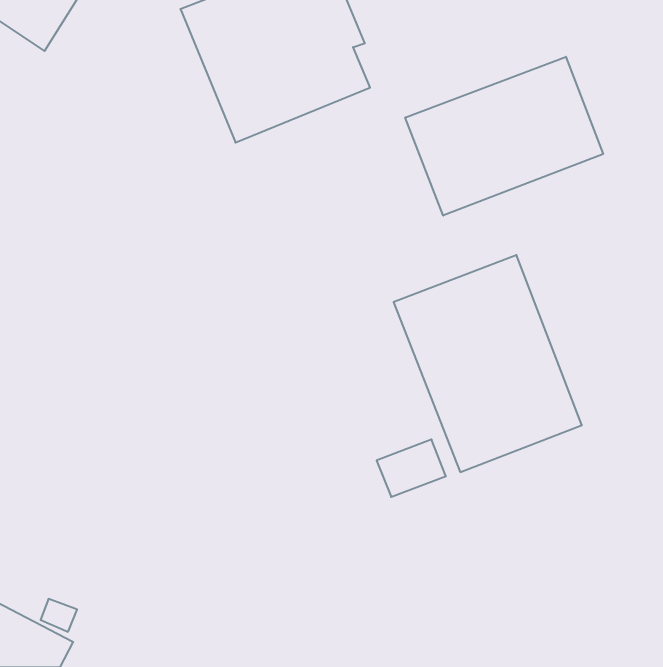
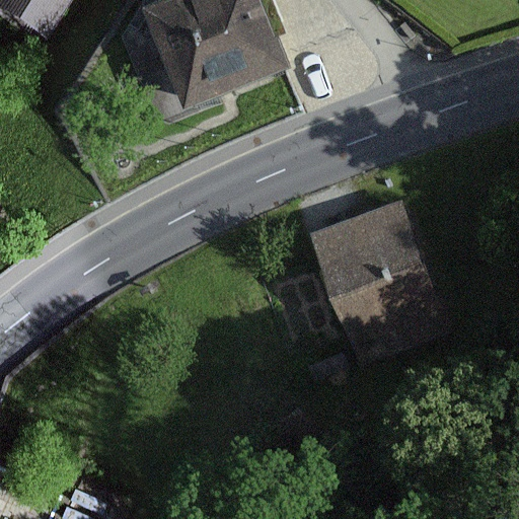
building: [405,57,603,216] -> none

